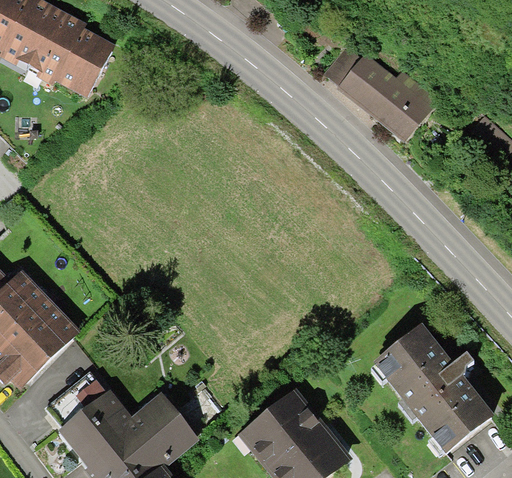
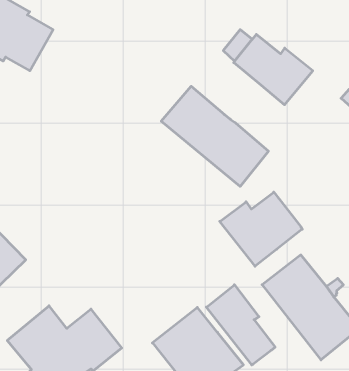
building: none -> [161,86,268,186]
building: none -> [220,192,302,266]
building: none -> [206,285,275,365]

